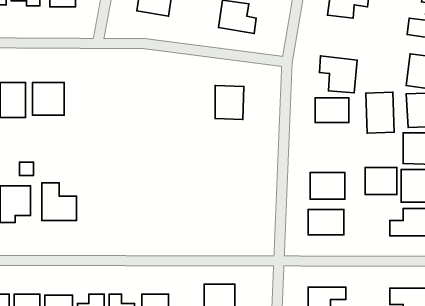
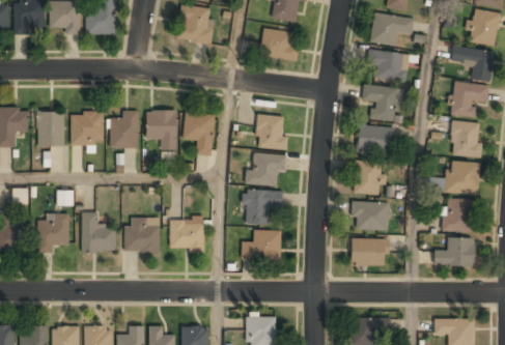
building: none -> [366,49,409,82]
building: none -> [109,110,137,148]
building: none -> [145,110,176,150]
building: none -> [184,112,214,154]
building: [366,92,394,133] -> none
building: none -> [245,153,285,184]
building: none -> [354,162,382,194]
building: none -> [243,189,283,224]
building: [365,167,397,194] -> none
building: none -> [124,218,159,252]
building: none -> [169,218,203,250]
building: none -> [241,230,281,260]

